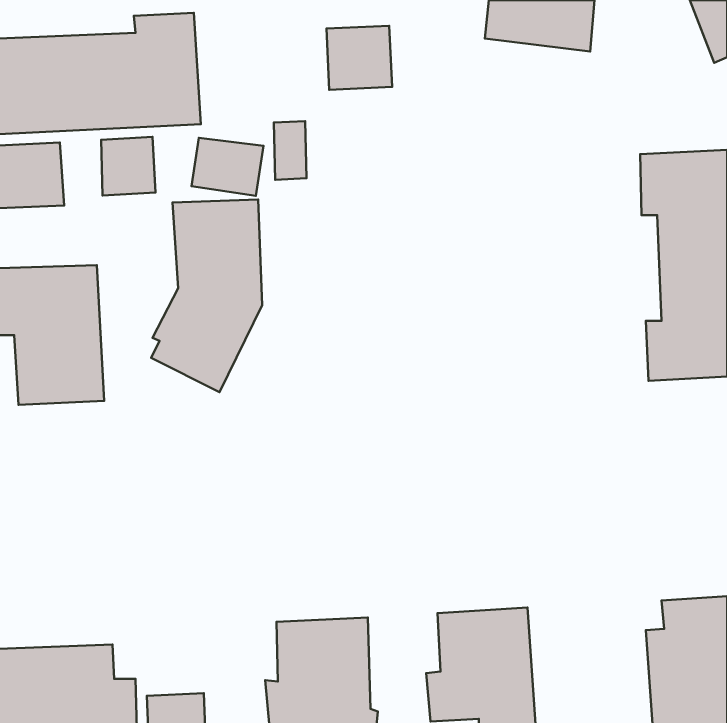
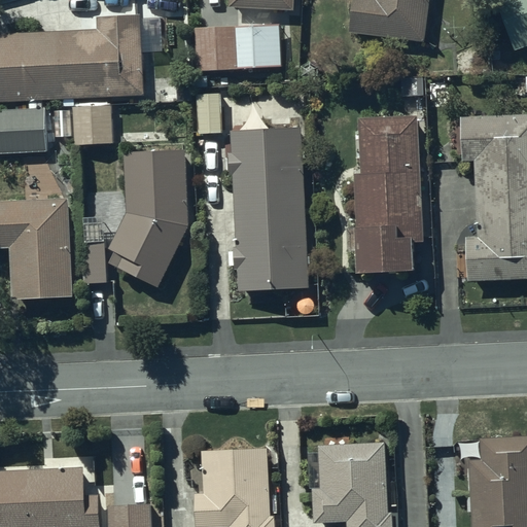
building: none -> [195,25,238,71]
building: [191,138,263,196] -> none
building: none -> [355,114,425,266]
building: none -> [229,127,310,289]

